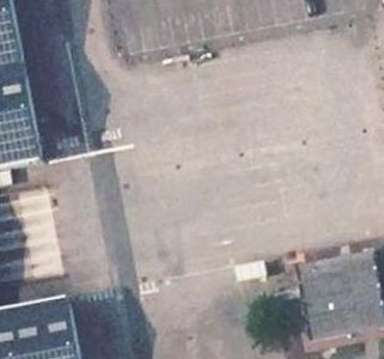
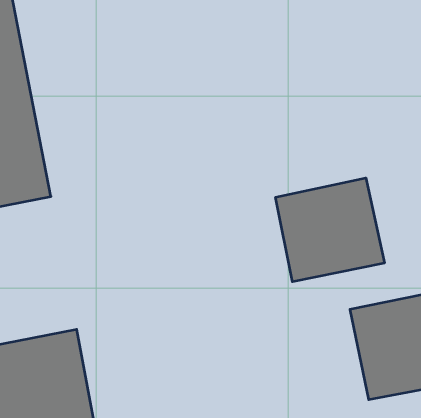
building: none -> [276,178,384,282]

